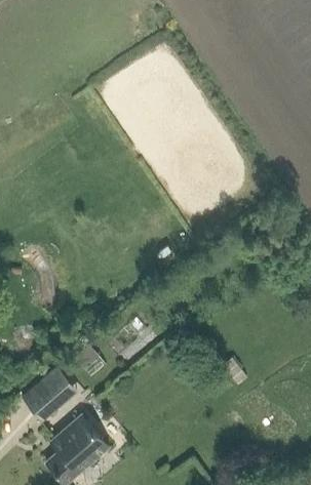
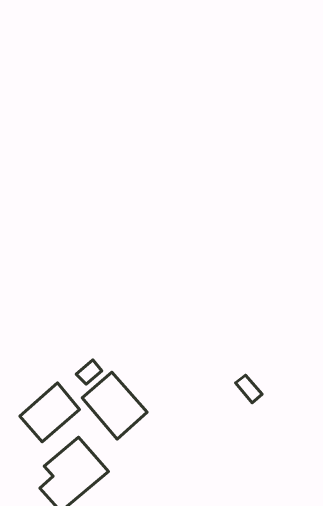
building: none -> [82,372,147,439]

